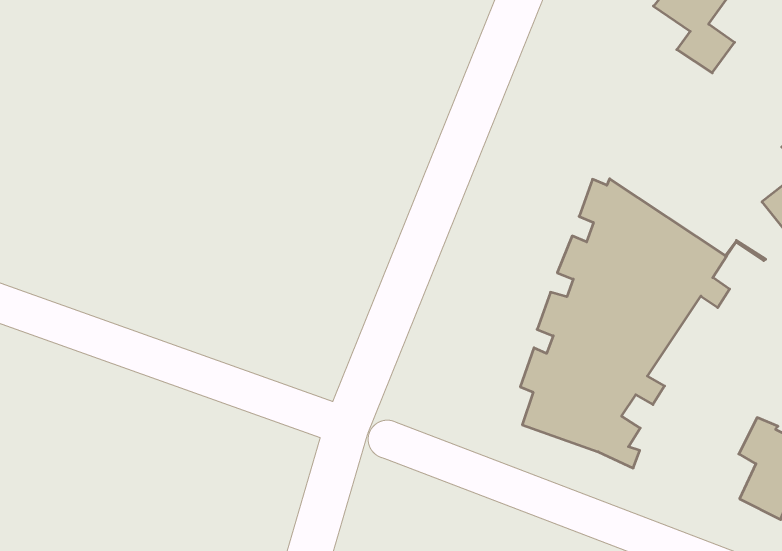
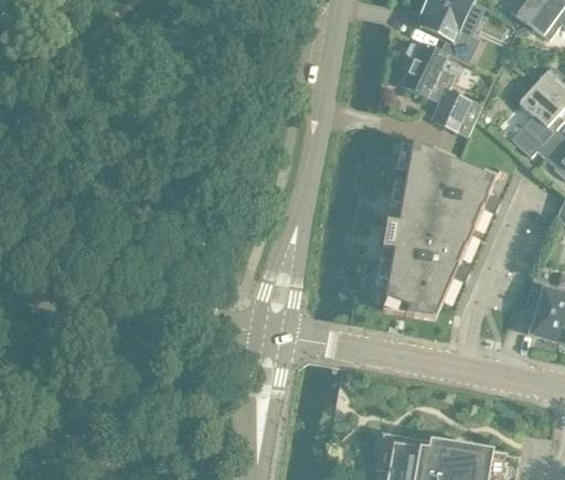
building: none -> [402,42,482,136]

